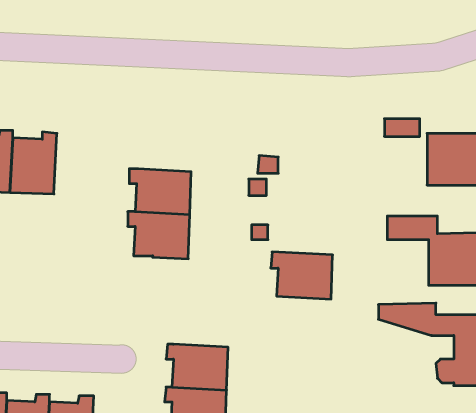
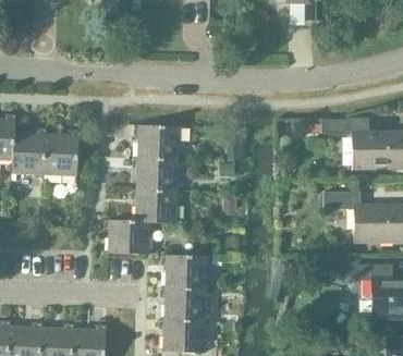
building: none -> [134,124,180,159]
building: [271,252,333,299] -> [161,254,207,289]
building: none -> [105,219,150,254]

